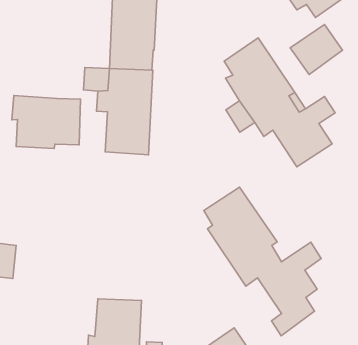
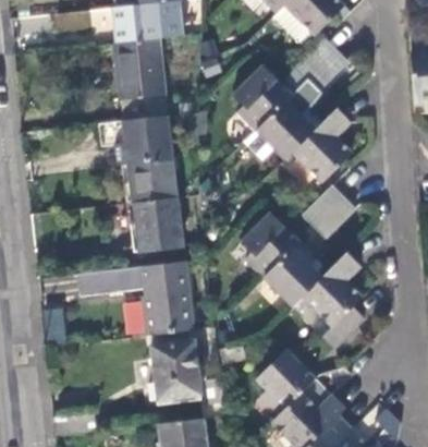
building: [12,95,80,148] -> [133,194,205,251]
building: none -> [303,191,354,241]
building: none -> [76,262,194,336]

